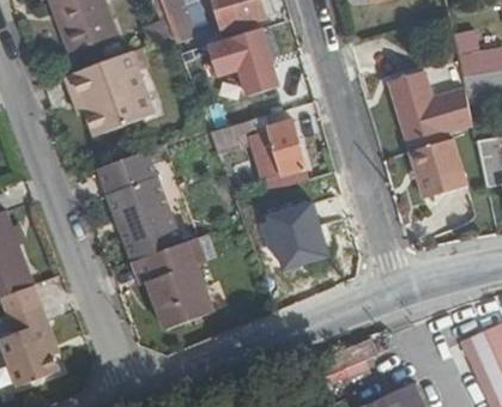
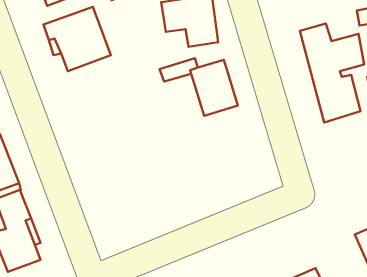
building: [96,150,213,326] -> none
building: [277,213,329,272] -> none

